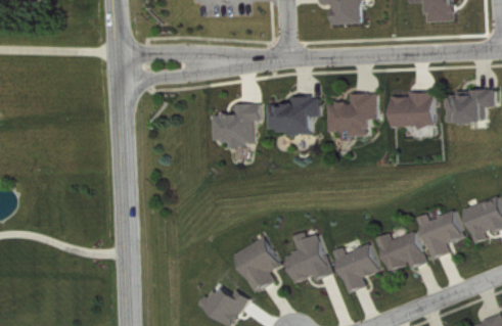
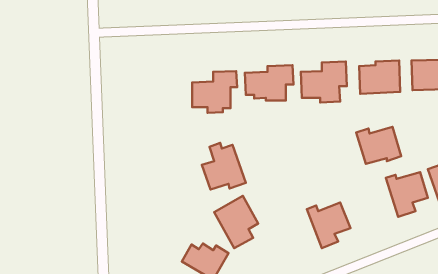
building: [284,231,331,281] -> [202,143,246,190]
building: [376,231,424,271] -> [356,127,401,164]

